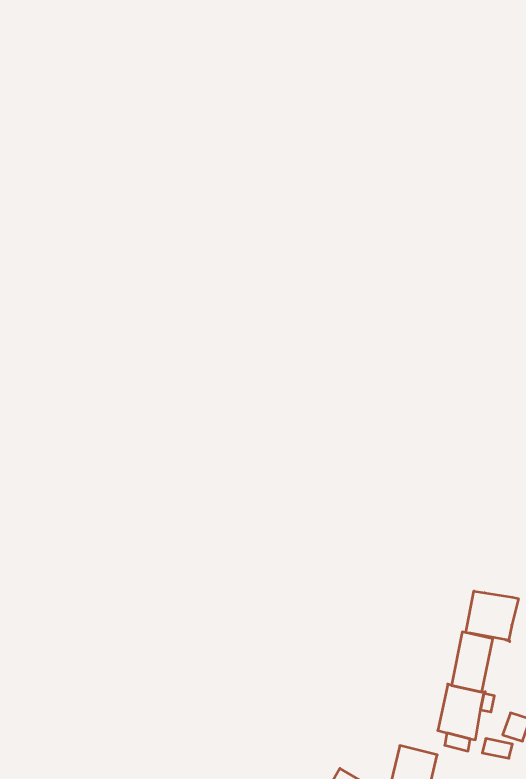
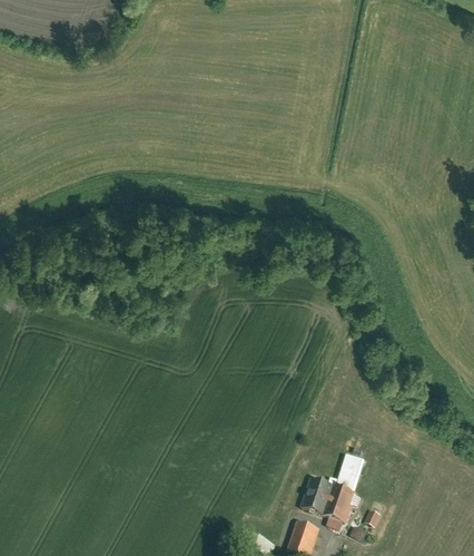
building: [466,591,518,642] -> none
building: none -> [299,477,333,514]

